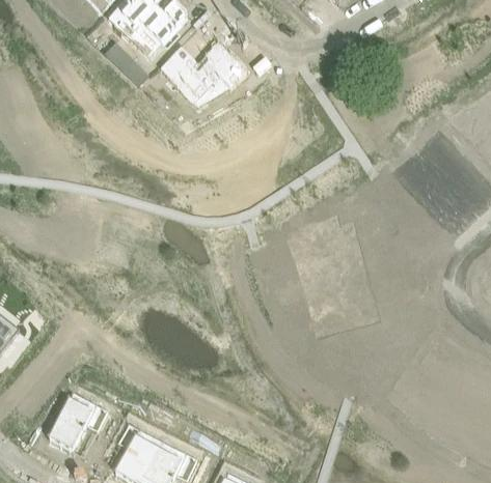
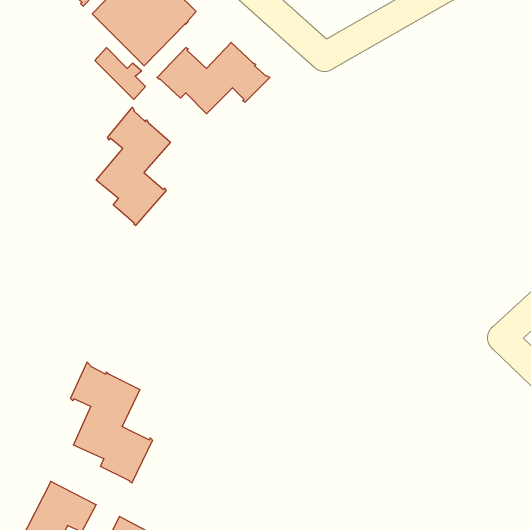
building: none -> [96,107,170,226]
building: none -> [71,362,153,483]

